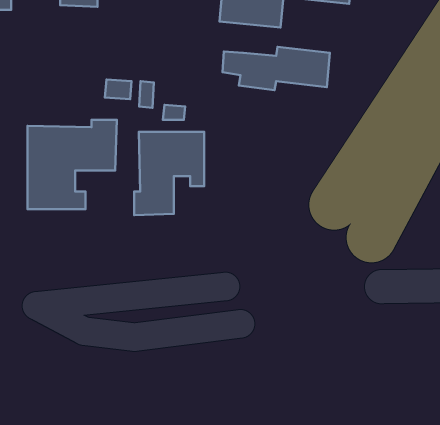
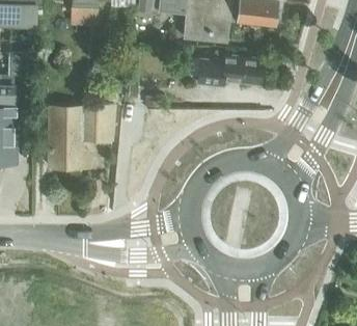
building: [134,132,204,215] -> none

